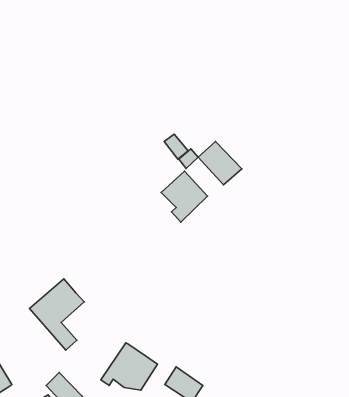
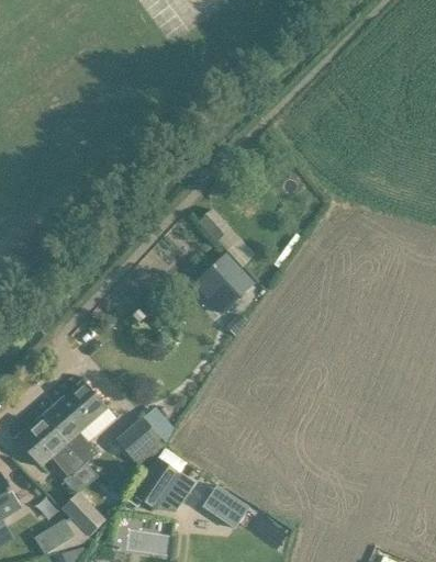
building: [198,141,242,185] -> none
building: none -> [115,407,171,472]
building: none -> [14,417,85,477]

